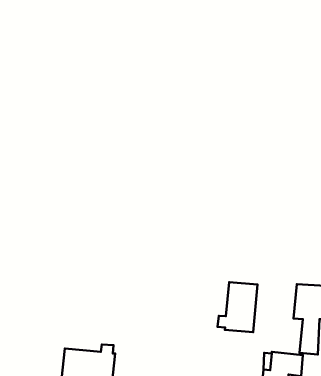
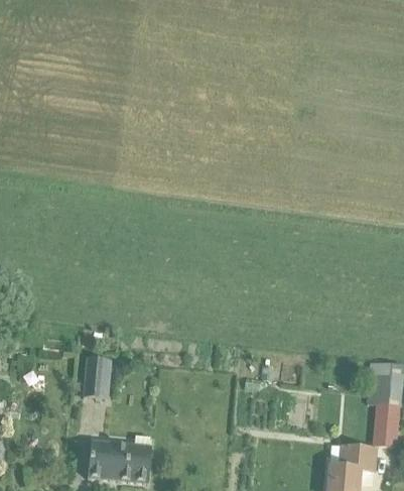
building: none -> [82,357,111,397]
building: [218,282,258,332] -> none

